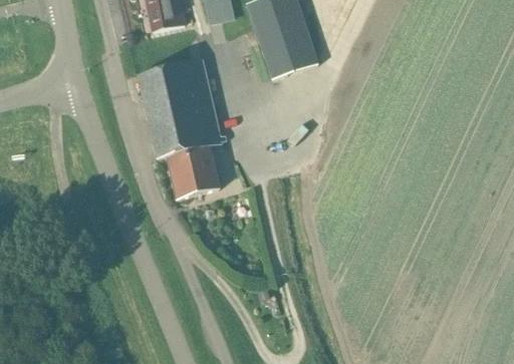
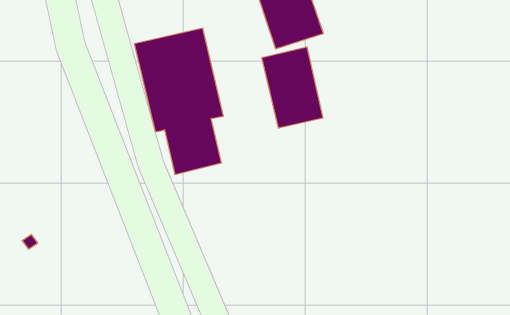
building: none -> [262,47,323,128]

